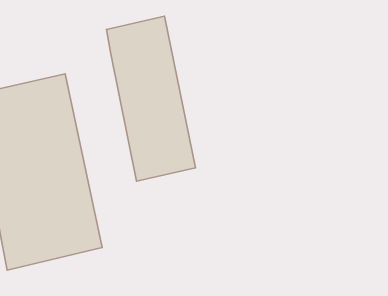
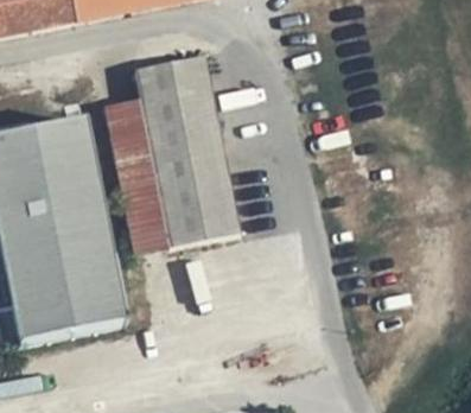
building: none -> [100,97,167,252]

